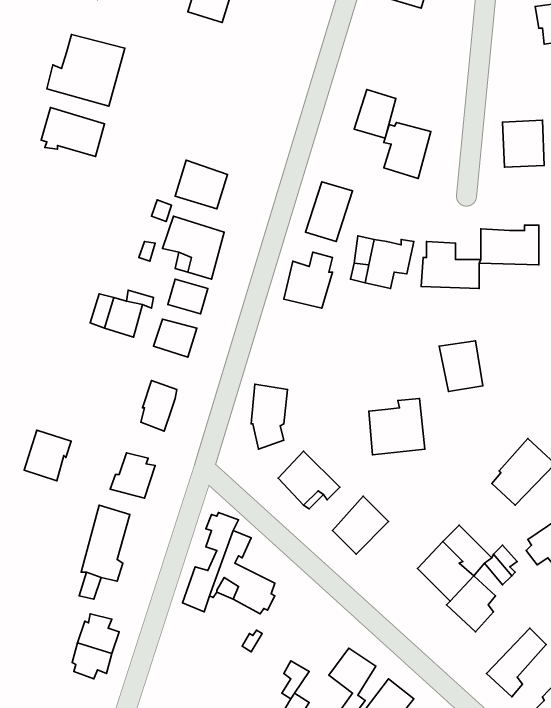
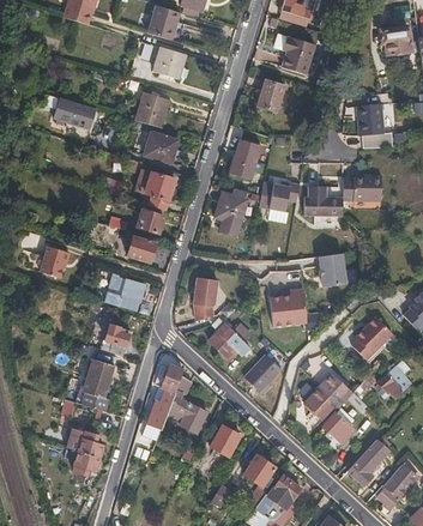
building: none -> [153,46,186,78]
building: [47,35,125,106] -> none
building: none -> [135,90,169,126]
building: [384,123,431,179] -> [285,41,316,78]
building: [24,430,71,481] -> [37,244,68,278]
building: none -> [210,424,240,457]

